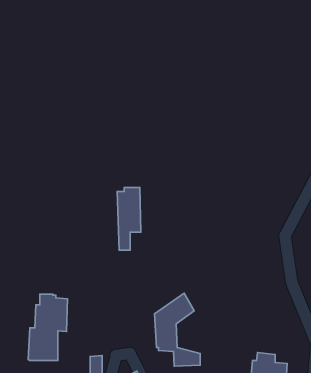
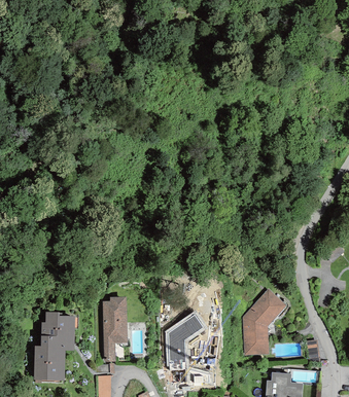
building: [117,188,141,250] -> [102,296,127,361]
building: none -> [242,288,286,354]

